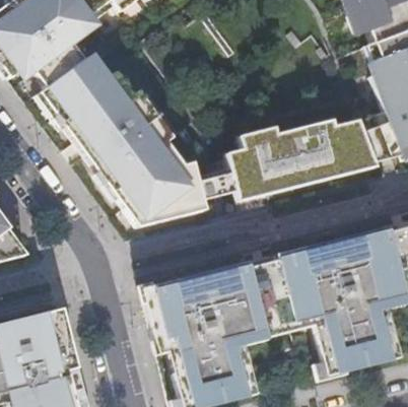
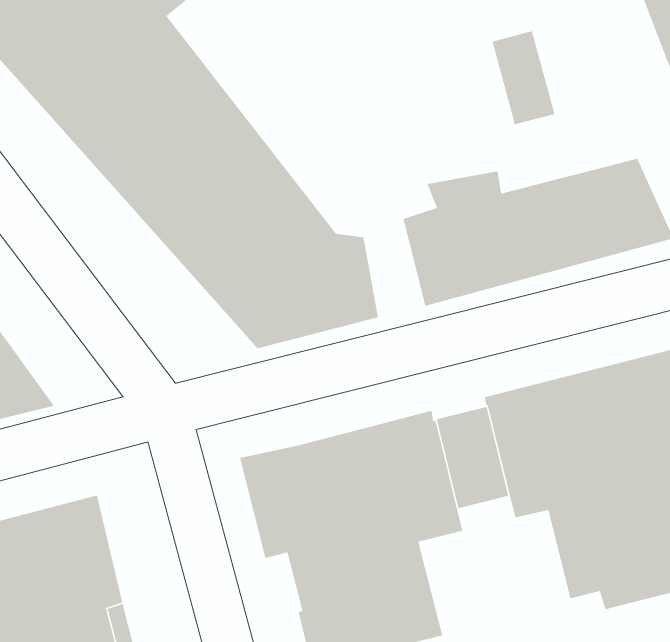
building: none -> [491,30,555,125]

